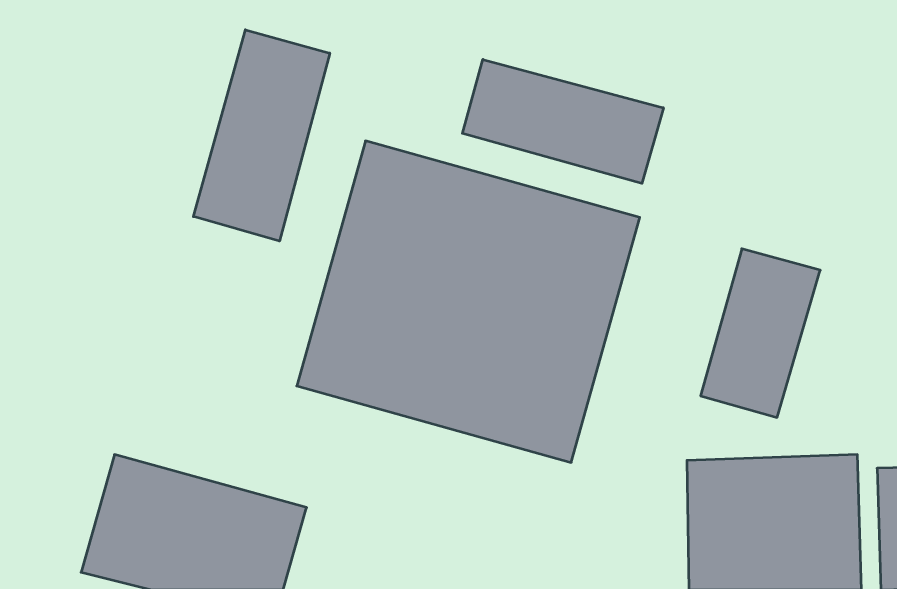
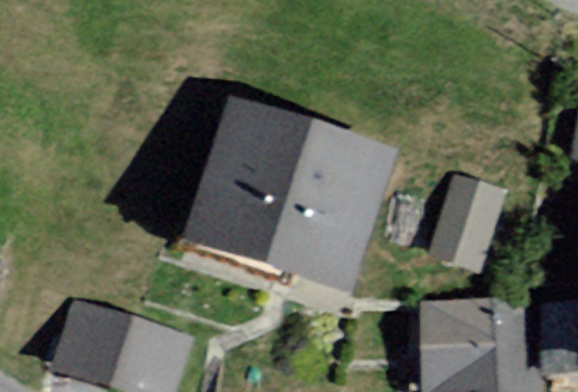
building: [193,30,330,241] -> none
building: [462,59,663,183] -> none

